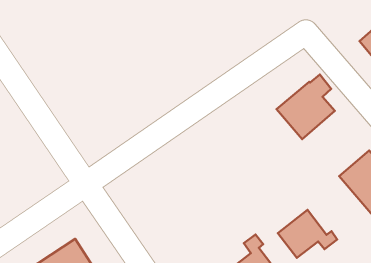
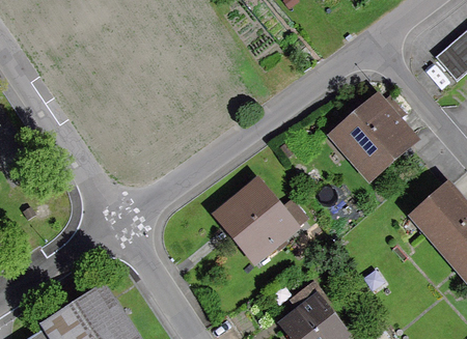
building: none -> [224,193,304,255]
building: [278,210,337,258] -> none

